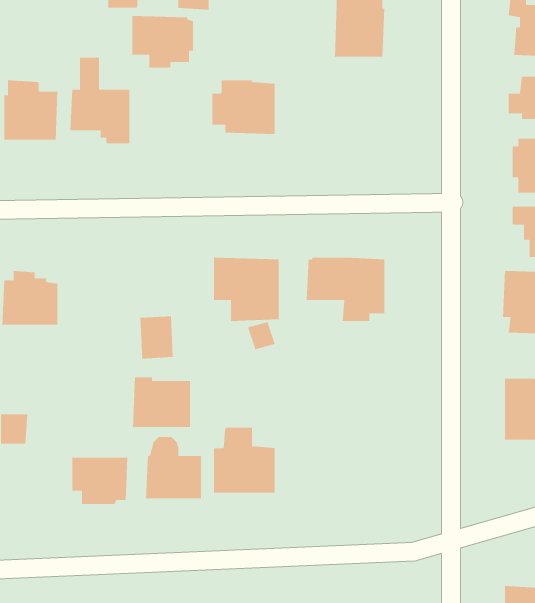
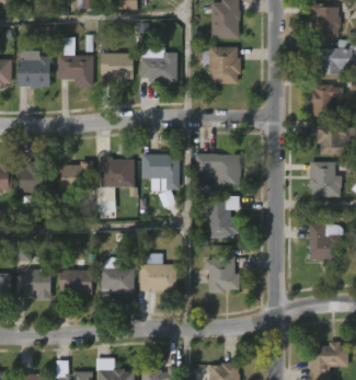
building: [131,15,194,68] -> [97,53,134,83]
building: none -> [193,45,240,82]
building: none -> [57,161,92,192]
building: none -> [199,196,240,239]
building: [132,377,191,428] -> [99,158,133,187]
building: none -> [204,253,239,292]
building: none -> [23,268,49,299]

